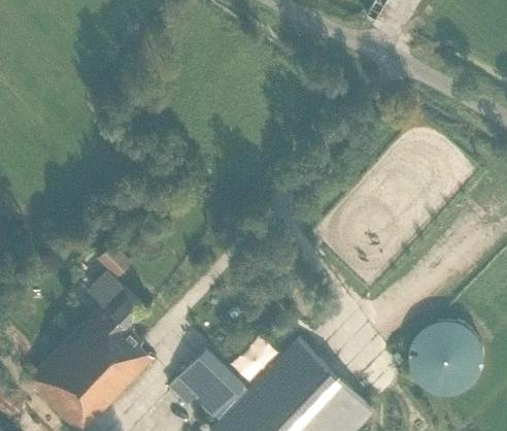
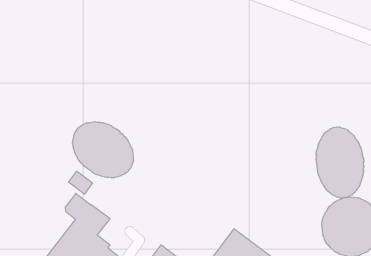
building: none -> [73,122,133,178]
building: none -> [316,127,364,198]

